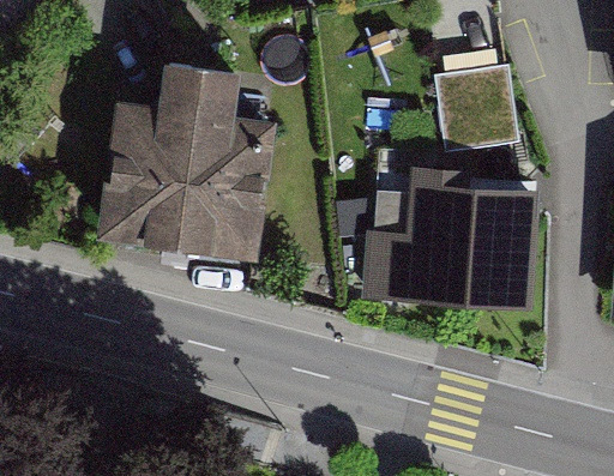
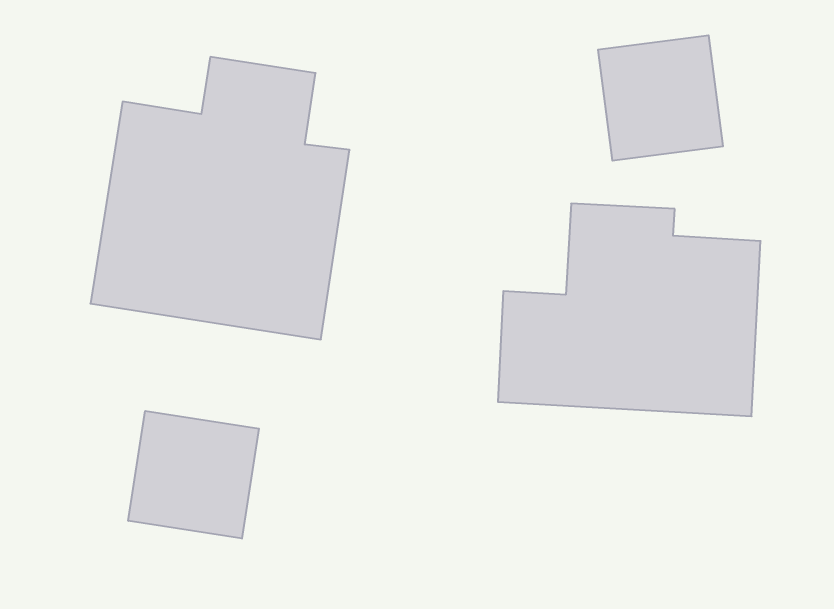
building: none -> [128,411,259,539]

